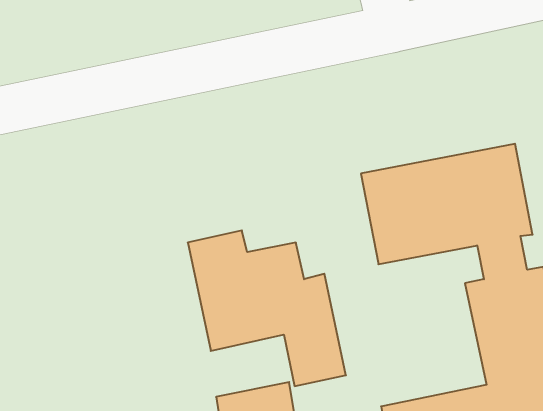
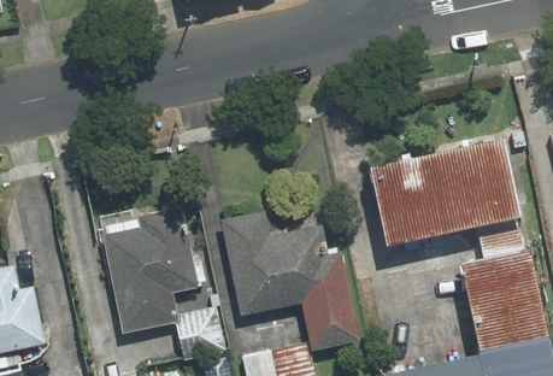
building: none -> [107,219,225,364]

